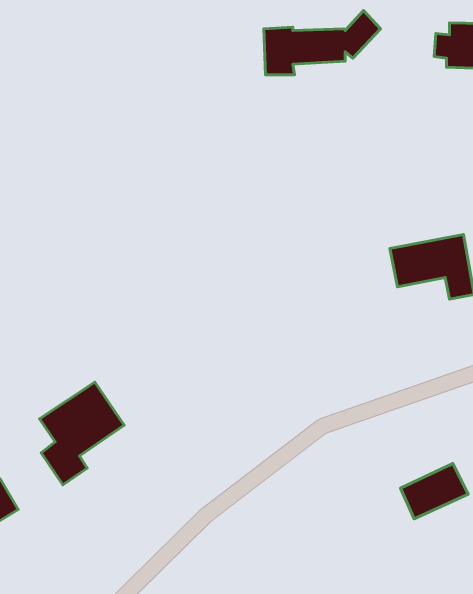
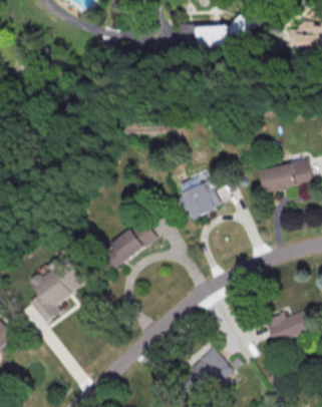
building: none -> [178,171,220,218]
building: none -> [110,220,154,262]
building: none -> [186,347,233,389]

